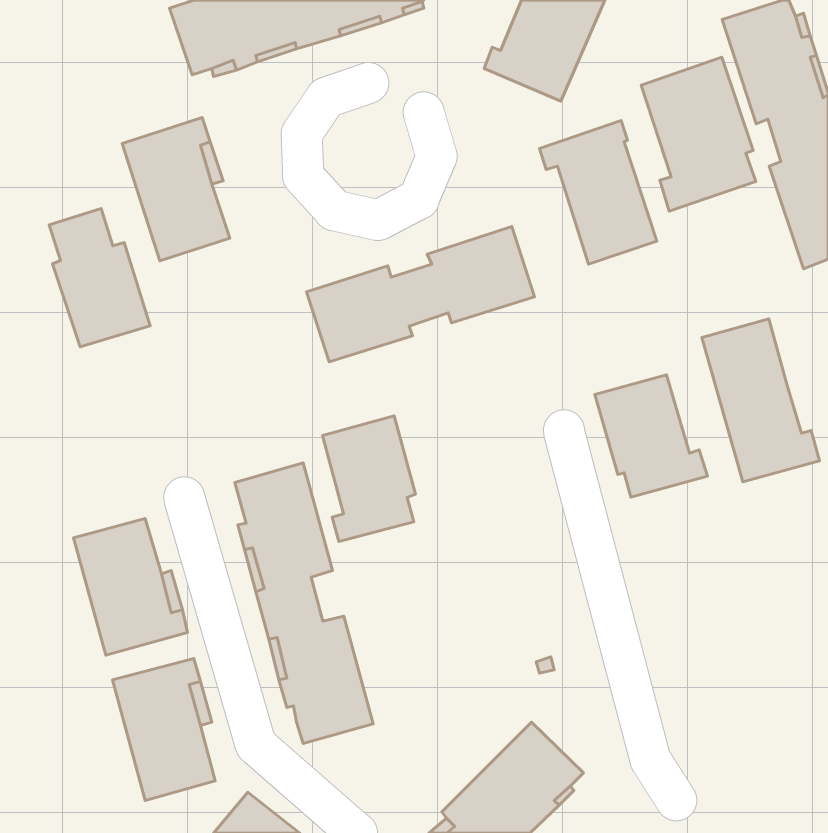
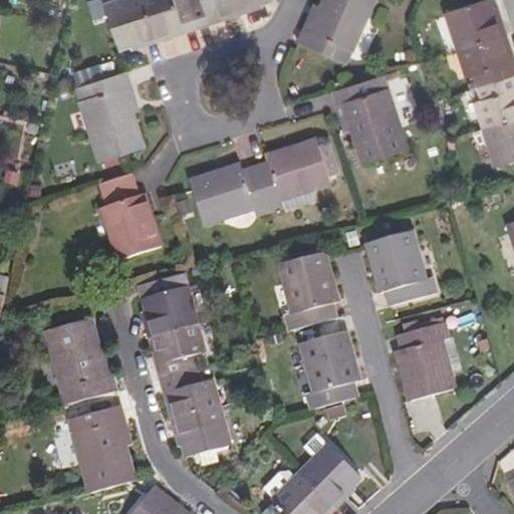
building: [641,57,756,211] -> none
building: [49,208,150,347] -> [99,174,162,259]
building: [702,319,819,482] -> none
building: [322,416,415,541] -> [279,252,336,329]
building: none -> [397,322,454,400]
building: none -> [300,330,357,409]

